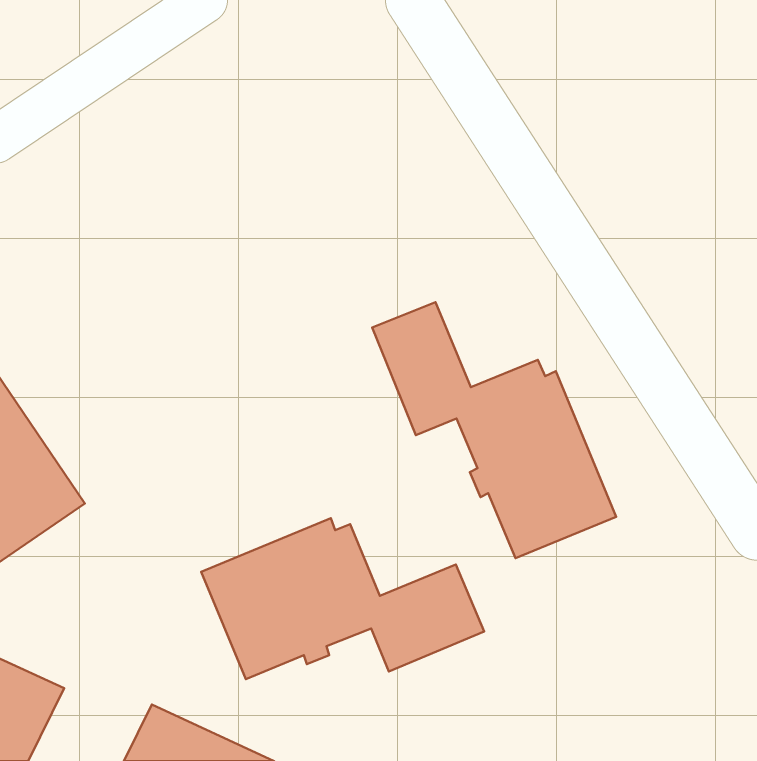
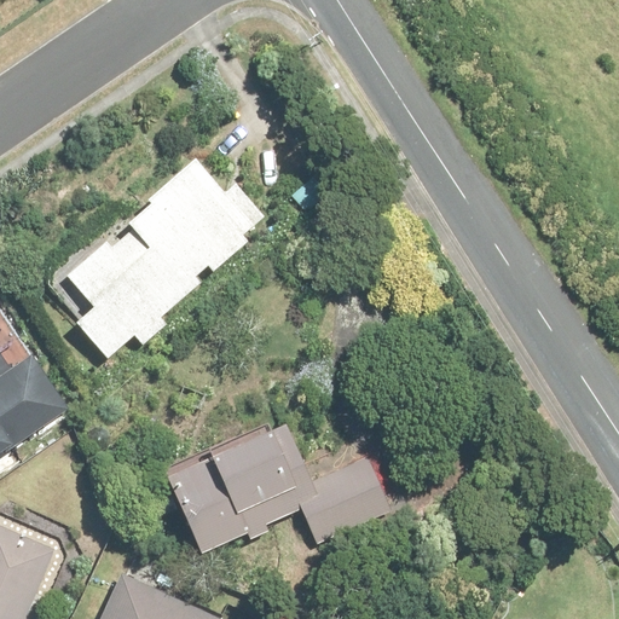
building: none -> [66,160,261,359]
building: [372,302,616,558] -> none

